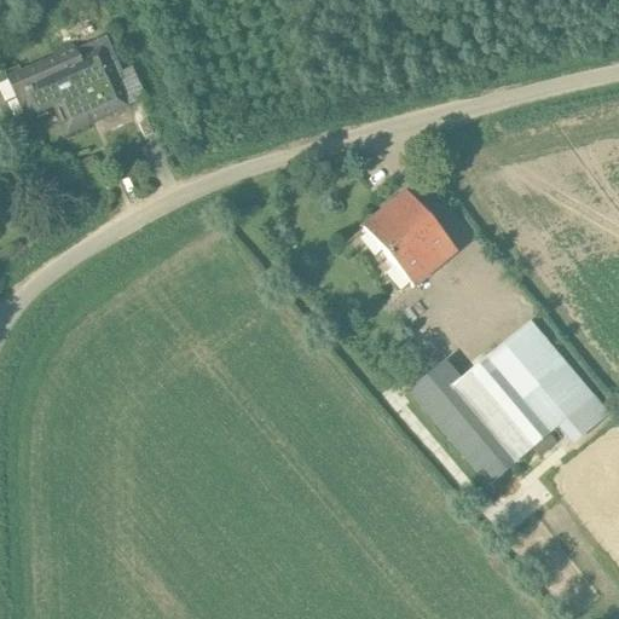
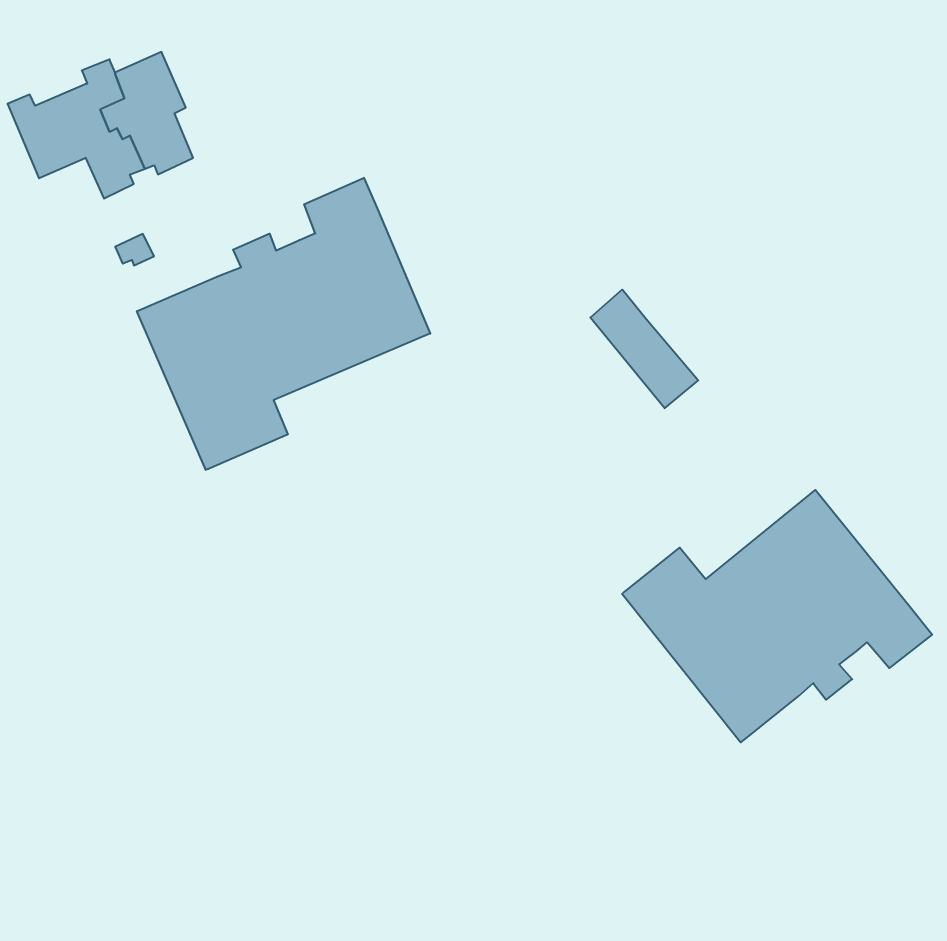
building: none -> [137,178,430,470]
building: [364,207,434,283] -> none

